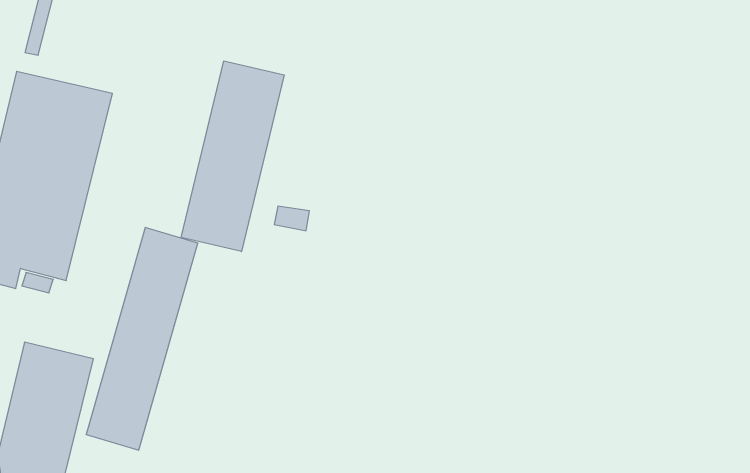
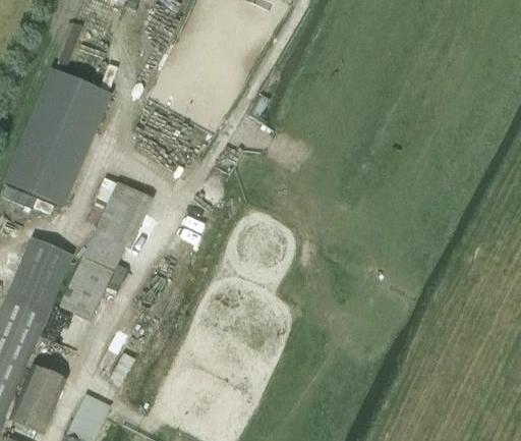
building: [181,61,284,252] -> none

